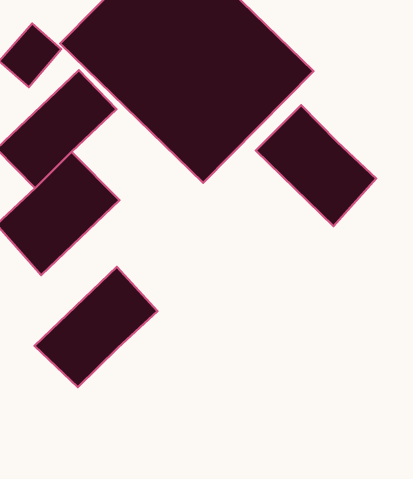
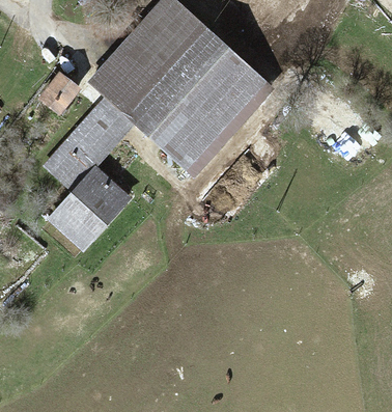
building: [256,105,376,226] -> none
building: [34,267,157,387] -> none

